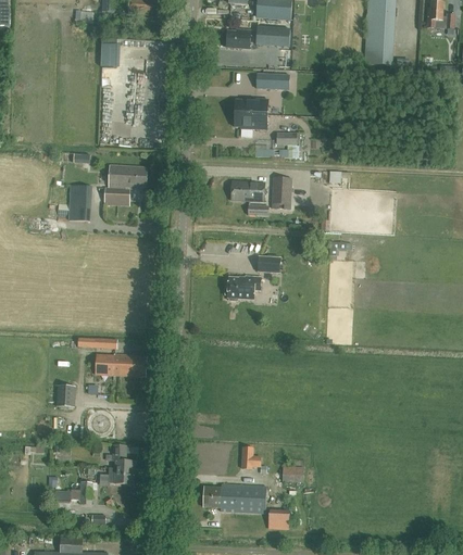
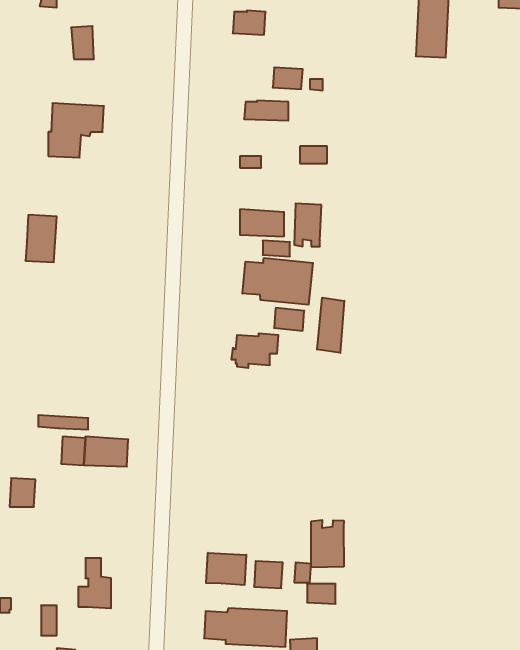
building: [255,26,289,46] -> none
building: [234,112,267,129] -> none
building: [104,164,147,205] -> [48,103,104,158]
building: none -> [242,258,313,305]
building: none -> [317,298,344,353]
building: none -> [311,520,344,567]
building: none -> [206,553,246,585]

